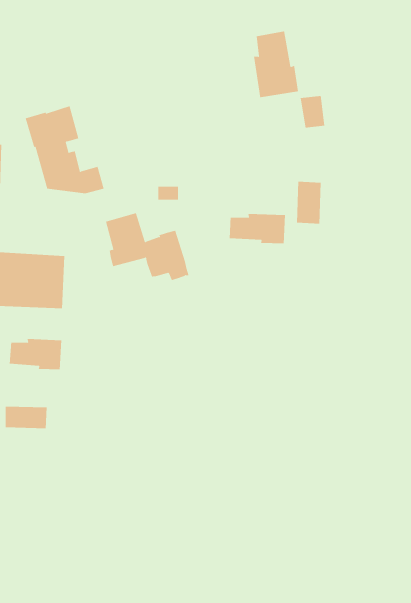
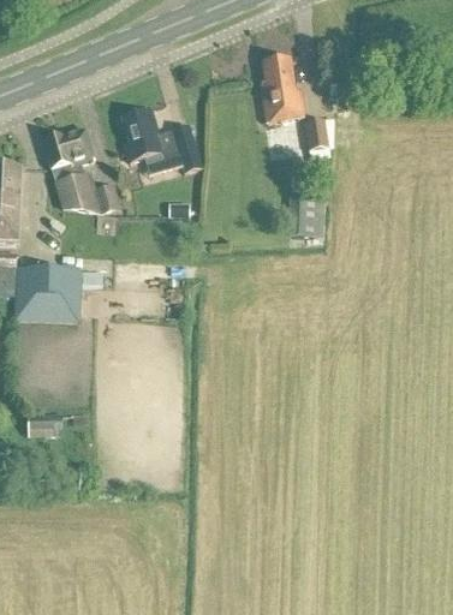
building: [105,213,190,281] -> [121,108,202,173]
building: [229,213,286,244] -> none
building: [9,338,62,370] -> none

